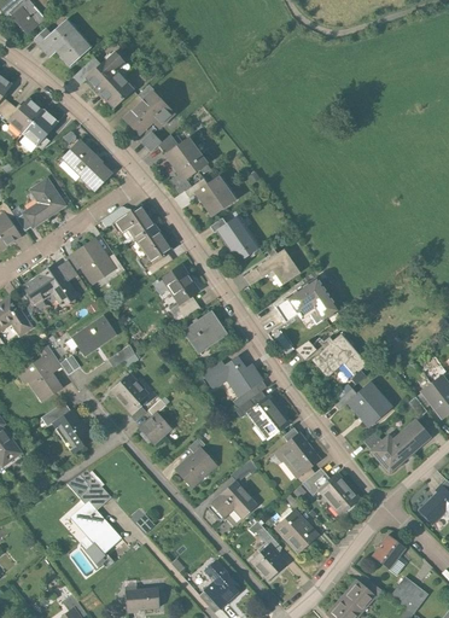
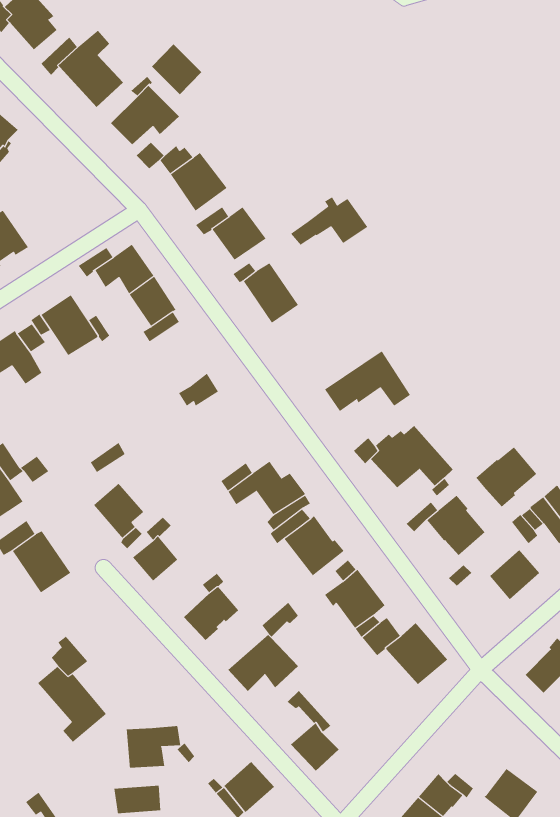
building: none -> [151,44,202,95]
building: [59,139,113,192] -> none
building: [244,249,299,284] -> [290,196,368,246]
building: [153,264,199,304] -> none
building: [182,310,227,352] -> none
building: [71,315,116,355] -> none
building: none -> [475,446,537,507]
building: [371,436,407,472] -> none
building: [274,509,316,550] -> none
building: [372,534,404,569] -> none
building: none -> [126,725,181,768]

